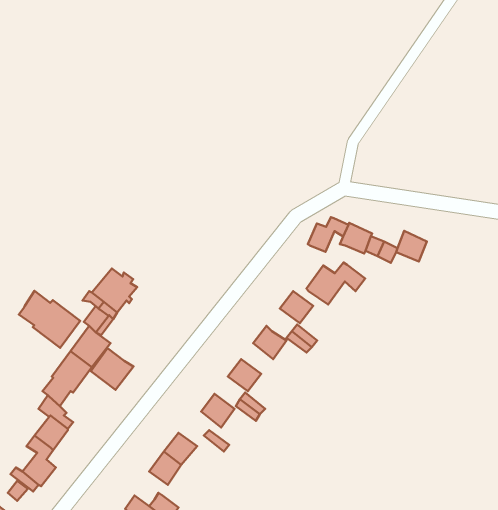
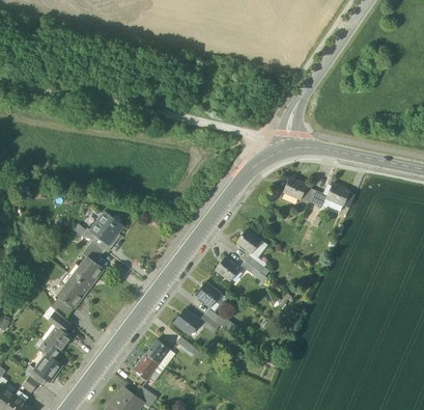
building: [308,217,348,252] -> none
building: [306,263,365,304] -> none
building: [19,291,80,348] -> none
building: [91,348,134,390] -> none

